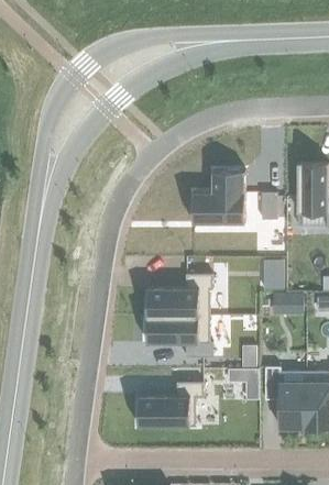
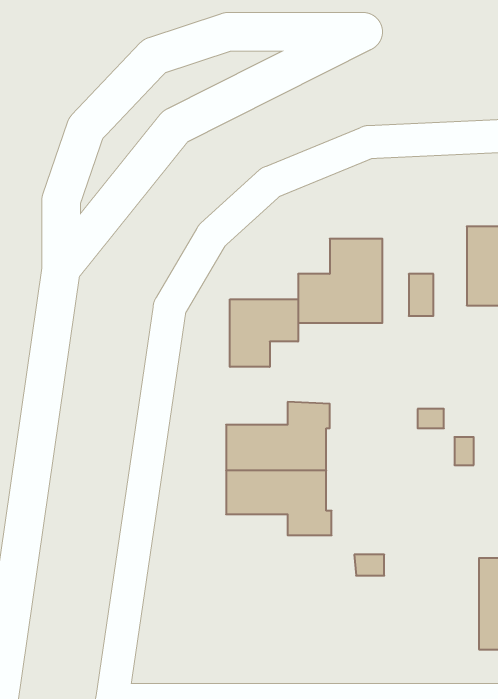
building: none -> [230,299,298,367]
building: [264,366,305,428] -> none
building: [136,382,202,427] -> none

